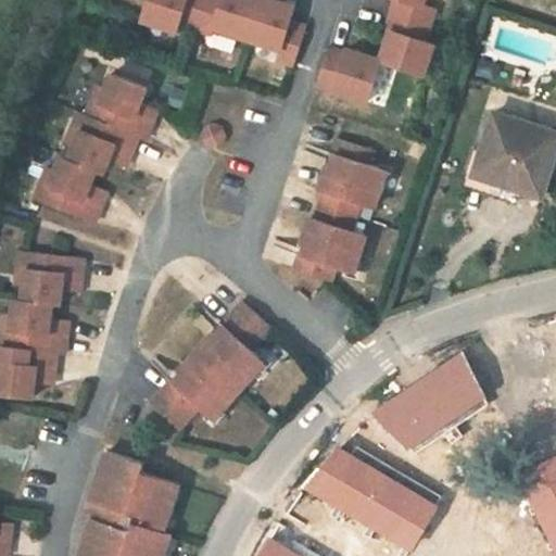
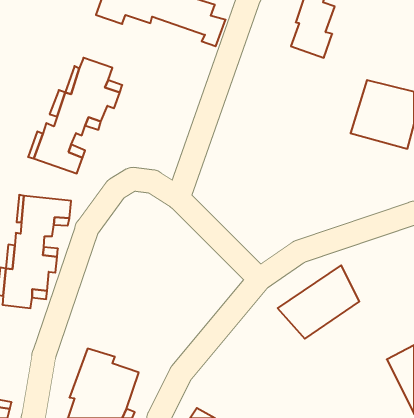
building: [319,49,382,103] -> none
building: [294,143,386,287] -> none
building: [143,298,260,425] -> none
building: [296,446,424,541] -> none

